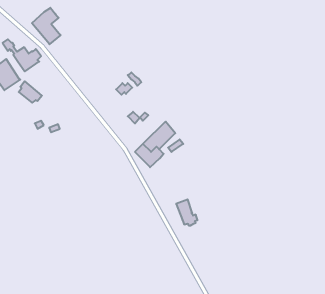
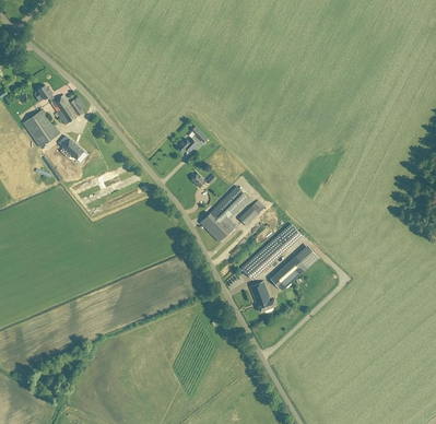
building: [32,8,61,44] -> none
building: none -> [243,223,303,275]
building: none -> [273,256,307,291]

